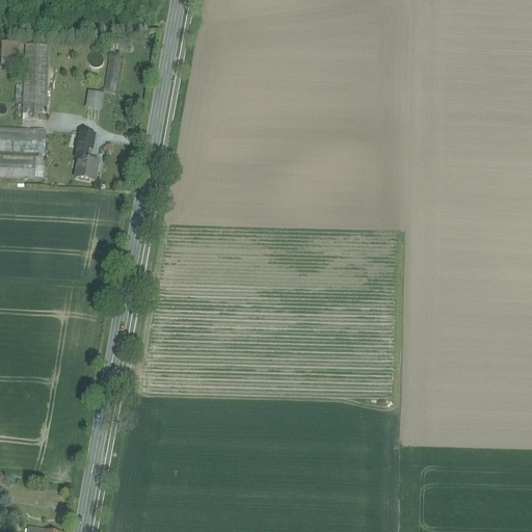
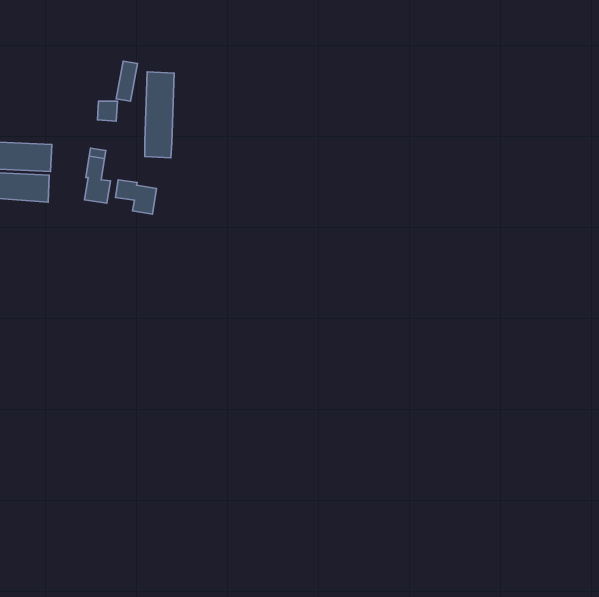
building: [22,43,48,118] -> [145,72,174,158]
building: none -> [115,180,157,214]

